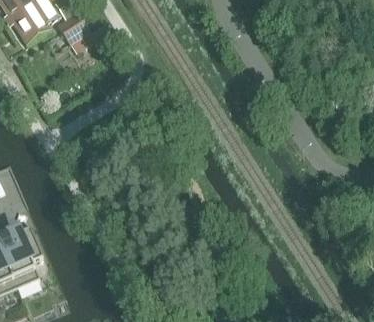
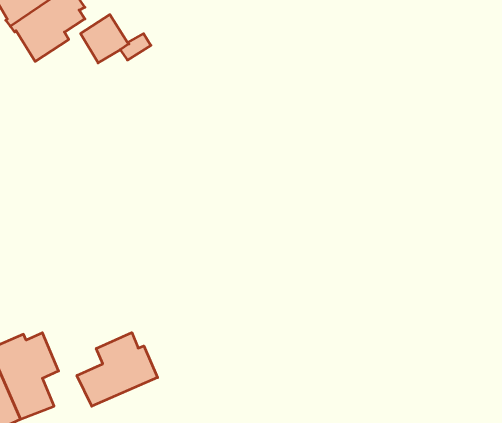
building: none -> [77,333,158,406]

